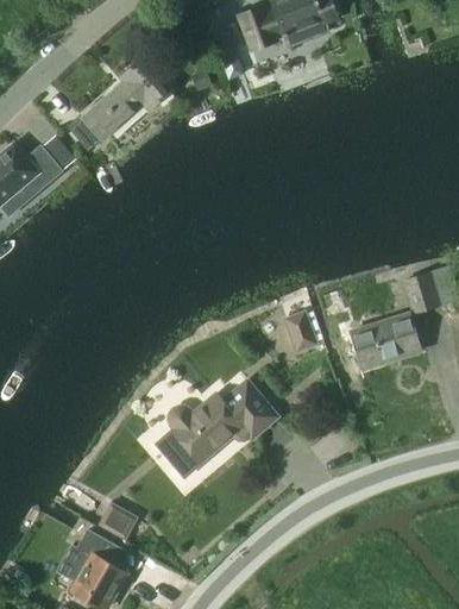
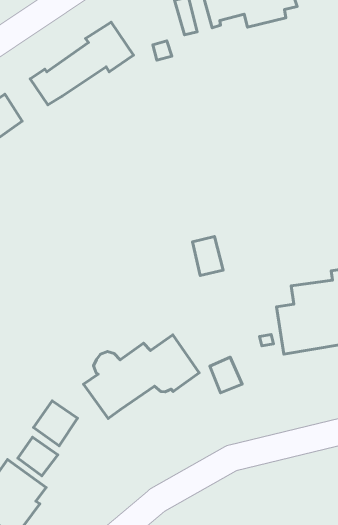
building: [284,309,320,352] -> [192,236,223,276]
building: none -> [210,357,242,393]
building: none -> [33,401,77,446]

